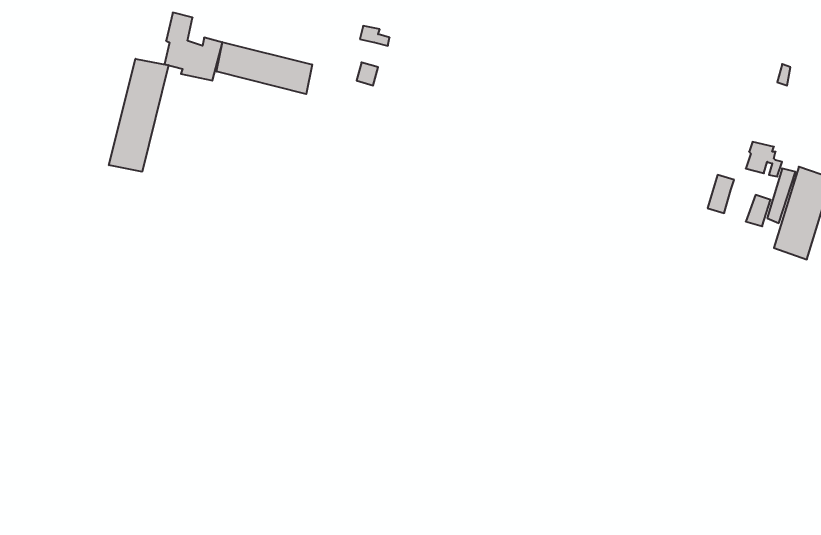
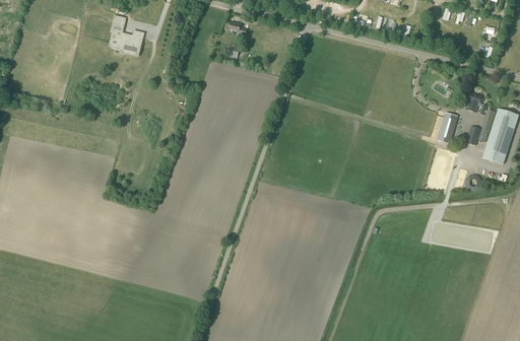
building: [217,42,312,94] -> none
building: [109,59,169,172] -> none

